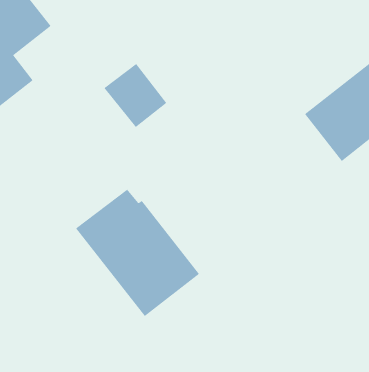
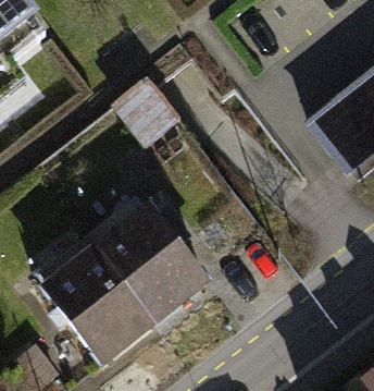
building: none -> [35,241,149,367]

